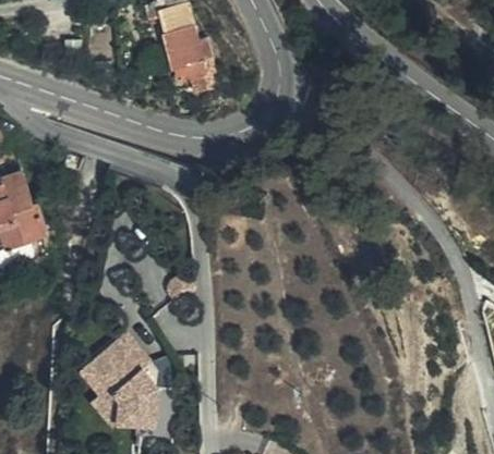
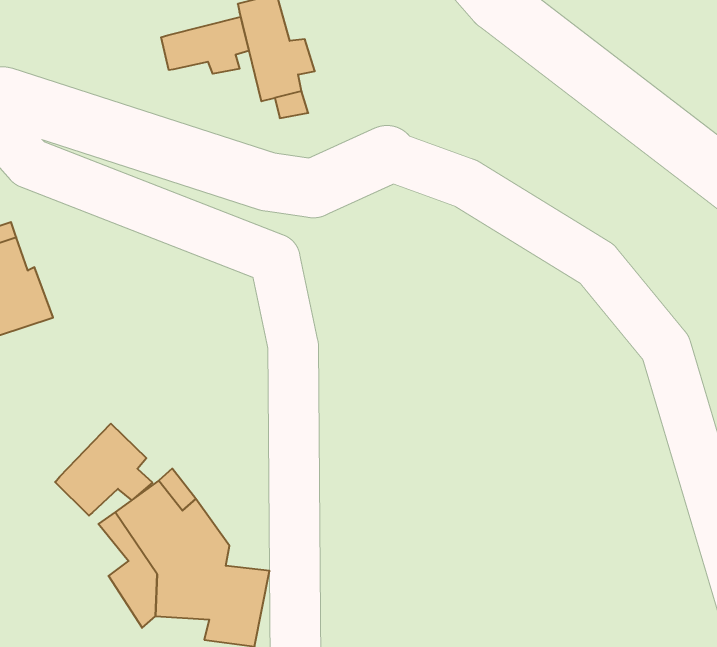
building: none -> [161,17,249,74]
building: none -> [55,424,152,516]

